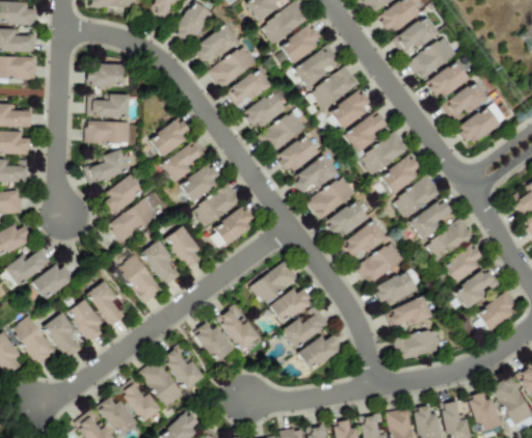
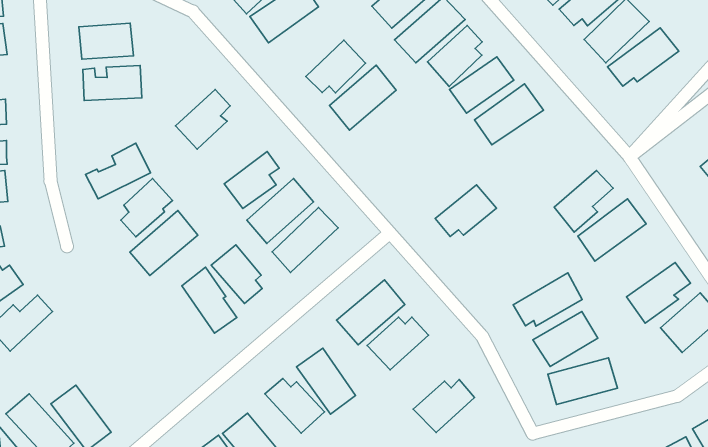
building: [227,70,272,106] -> none
building: [85,120,130,143] -> none
building: [276,135,319,172] -> none
building: [161,140,205,183] -> none
building: [380,155,422,194] -> none
building: [292,157,337,194] -> none
building: [307,175,355,219] -> none
building: [392,175,441,218] -> none
building: [342,221,387,262] -> none
building: [355,242,403,285] -> none
building: [443,245,484,281] -> none
building: [118,255,163,303] -> none
building: [33,264,75,299] -> none
building: [88,281,124,326] -> none
building: [68,299,102,343] -> none
building: [283,307,328,348] -> none

